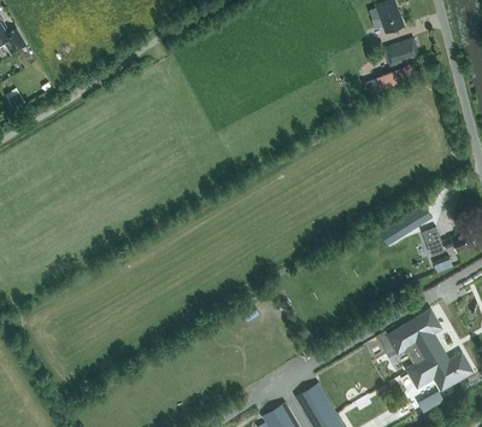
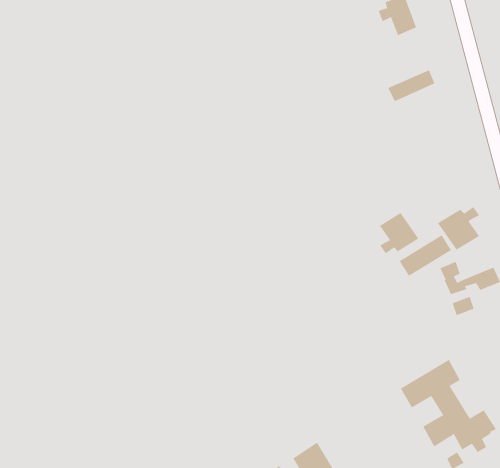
building: [384,39,419,66] -> none
building: none -> [437,206,480,251]
building: none -> [379,212,419,254]

